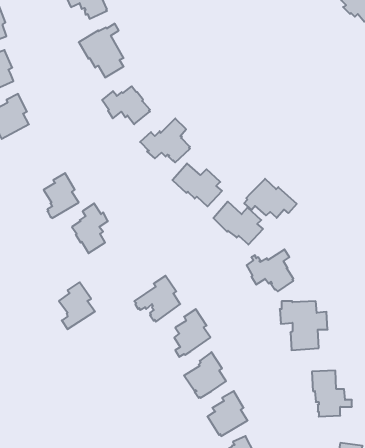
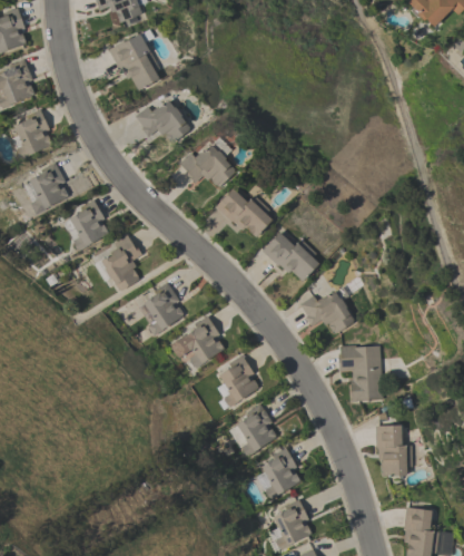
building: none -> [30,163,68,214]
building: [244,179,297,218] -> none
building: [59,282,95,329] -> [144,282,185,335]

